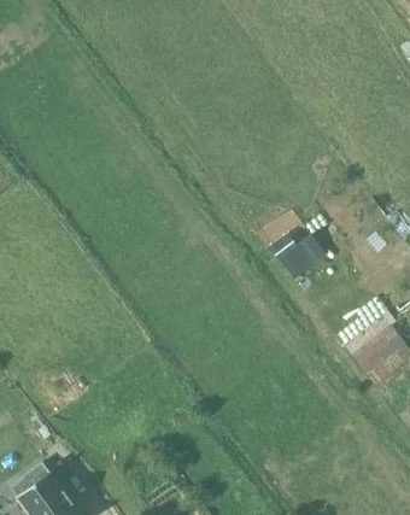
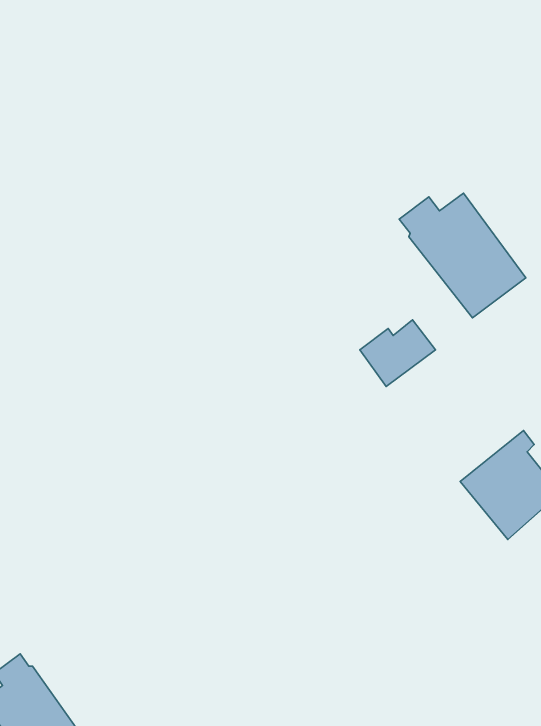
building: none -> [399,193,526,318]

